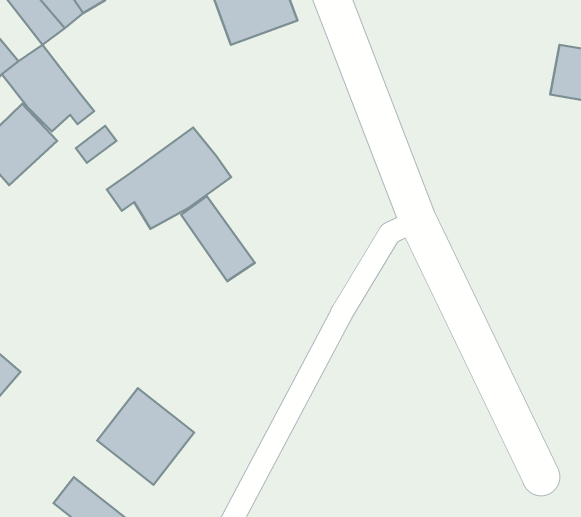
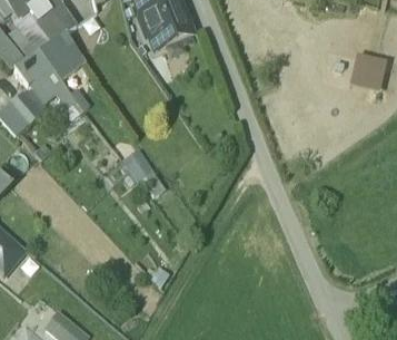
building: none -> [38,29,85,77]
building: [107,128,231,229] -> none
building: [97,388,194,485] -> none

